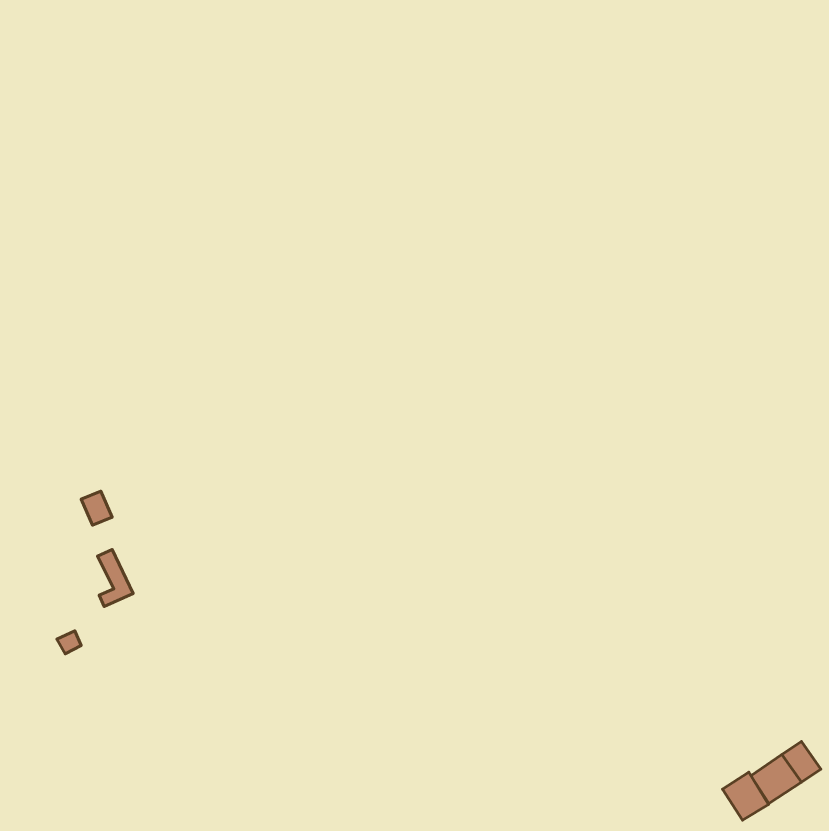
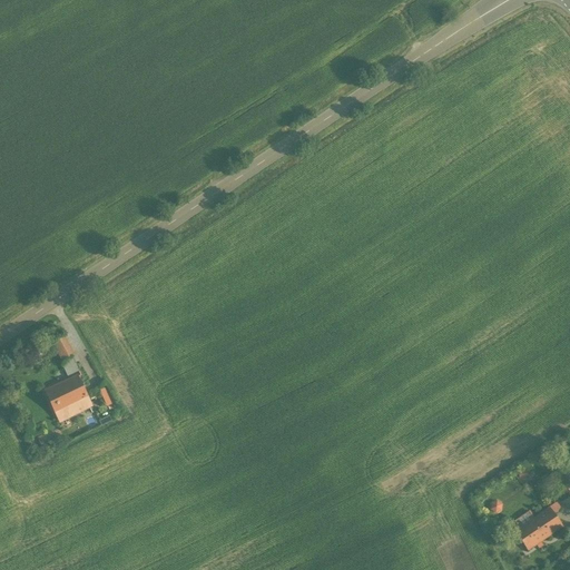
building: none -> [46,381,79,414]
building: [722,772,769,820] -> none

